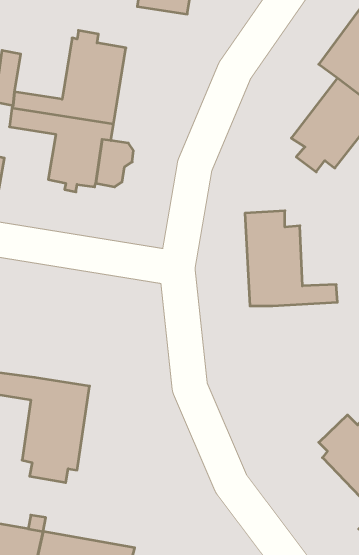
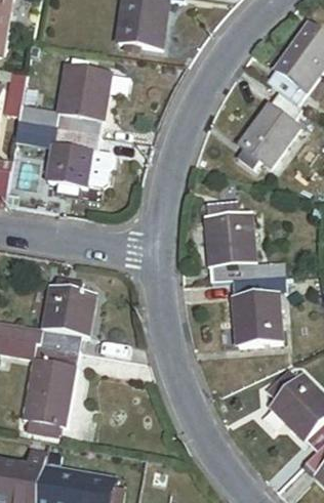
building: none -> [36,277,91,346]
building: none -> [231,278,285,340]

